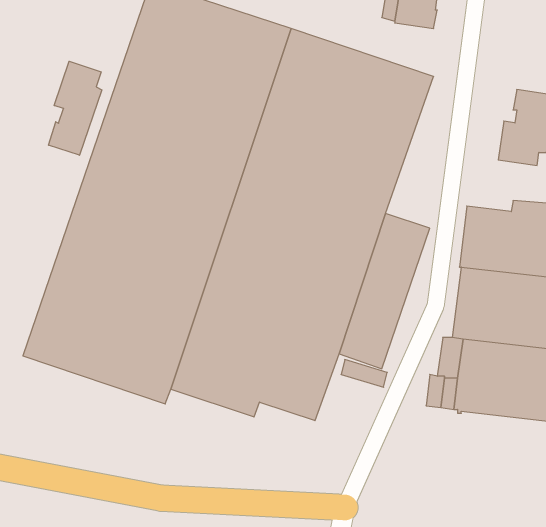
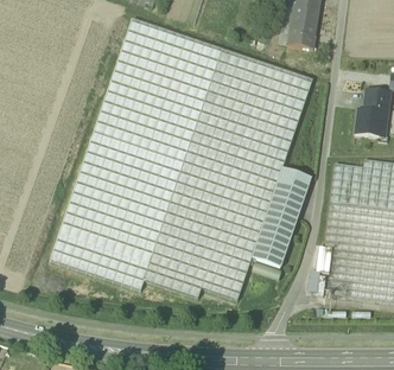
building: [49,61,102,155] -> none

